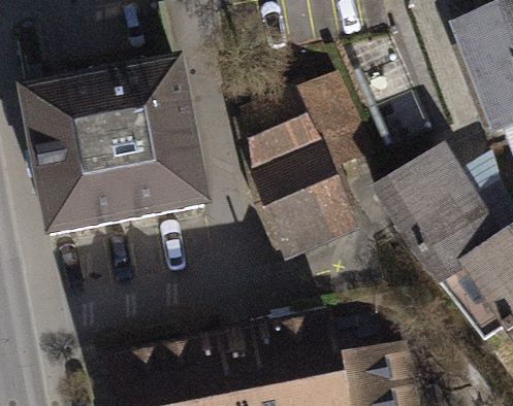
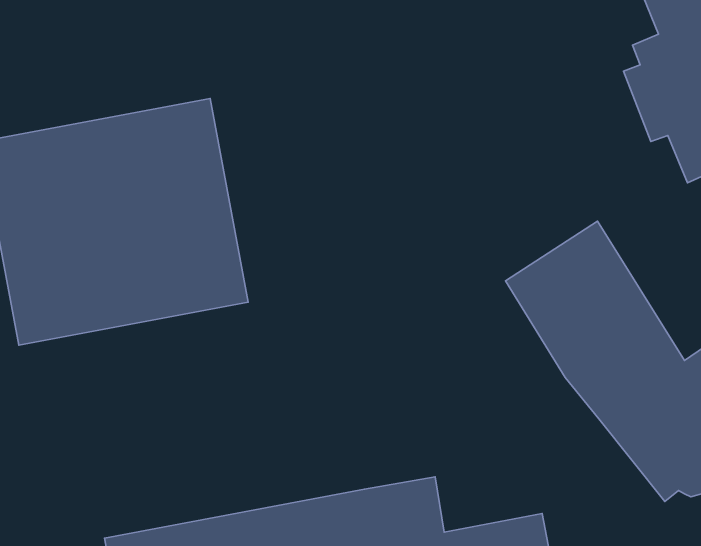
building: [245,77,365,249] -> none

